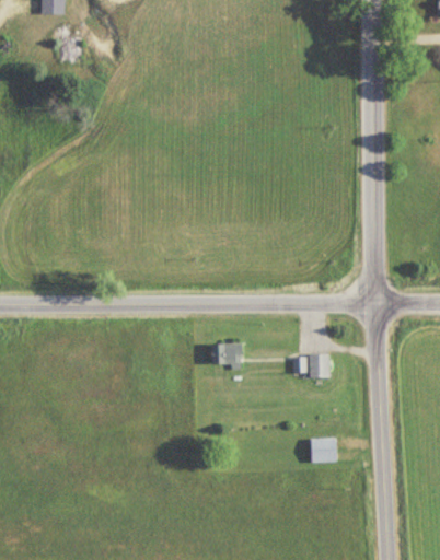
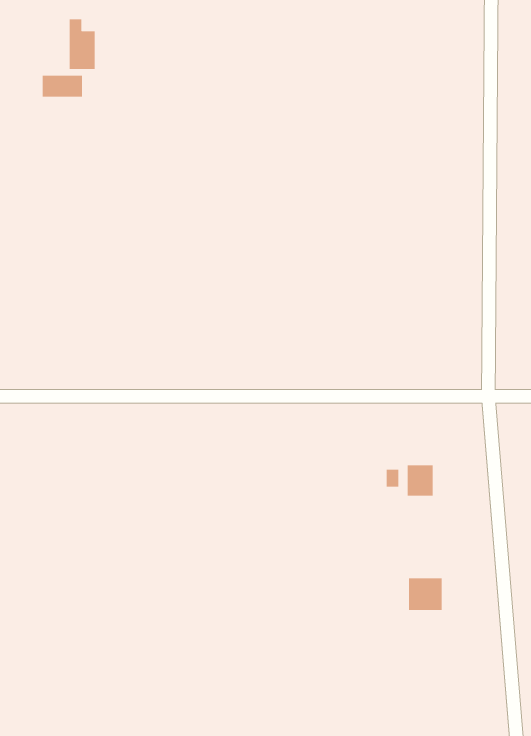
building: none -> [42,75,82,98]
building: [211,345,241,366] -> none

